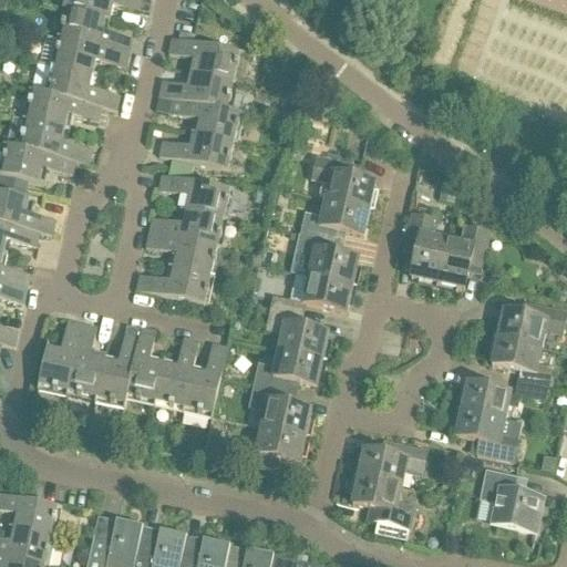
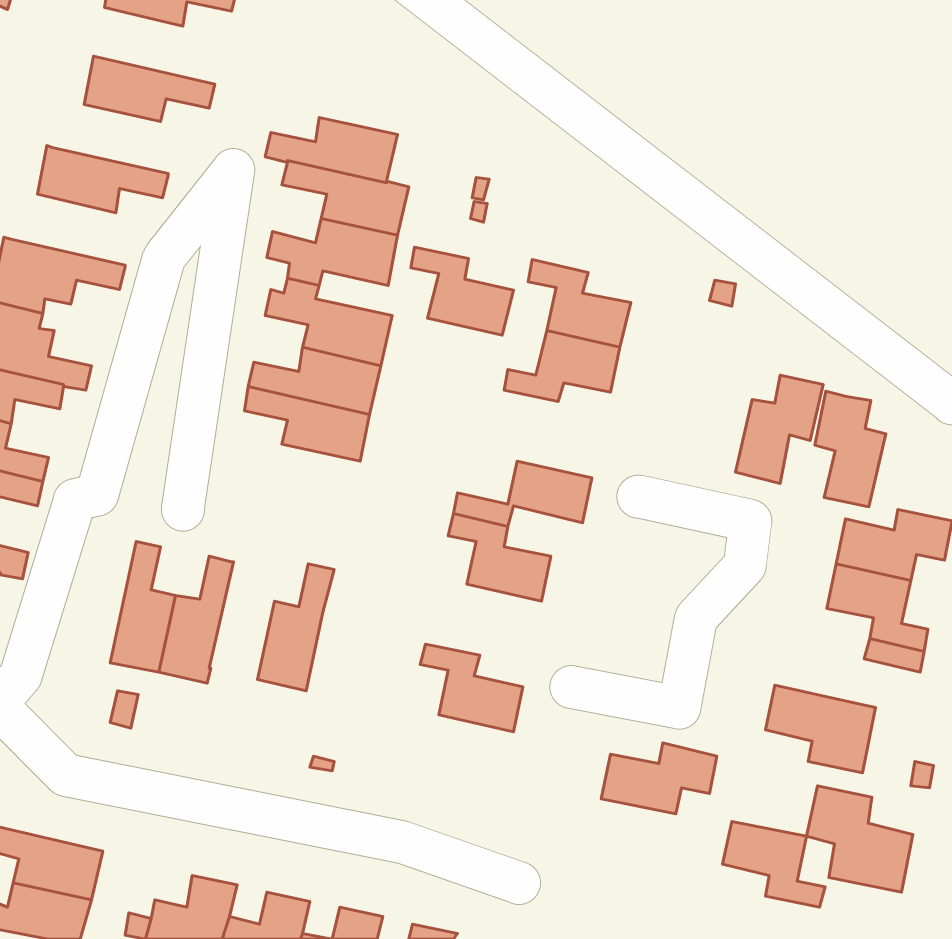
building: [55,4,131,50] -> none
building: [167,34,243,80] -> none
building: [31,59,118,107] -> none
building: [6,113,91,161] -> none
building: [404,212,446,280] -> [815,391,886,507]
building: [297,231,358,284] -> [411,247,513,335]
building: [135,264,214,303] -> none
building: [37,318,81,393] -> none
building: [124,324,163,403] -> none
building: [182,341,226,415] -> none
building: [252,347,321,389] -> none
building: [460,381,509,416] -> none
building: [235,424,305,466] -> none
building: [351,474,412,525] -> [722,821,825,907]

